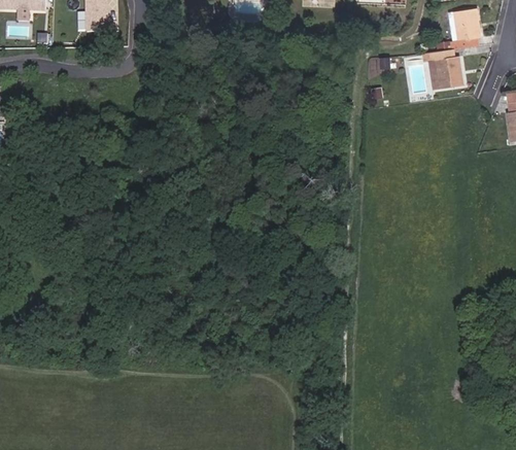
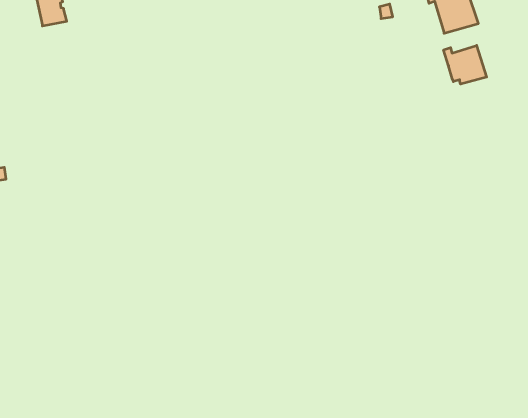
building: none -> [444,45,487,84]

